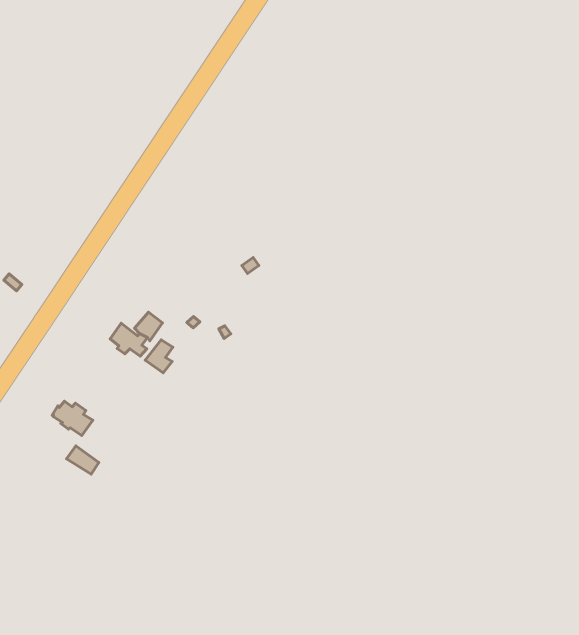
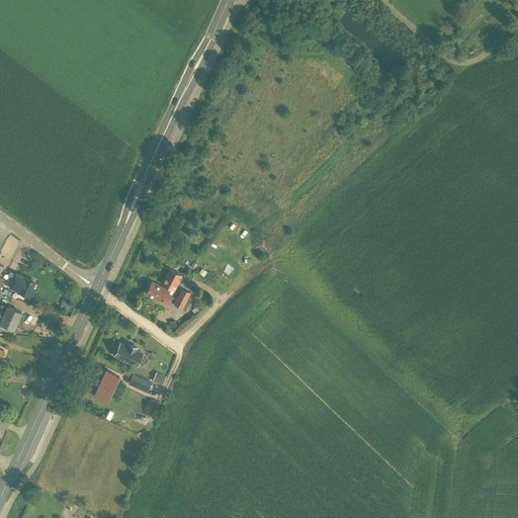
building: none -> [94,369,120,401]

